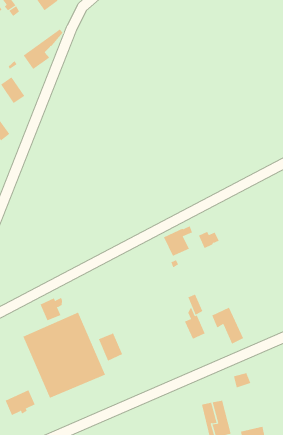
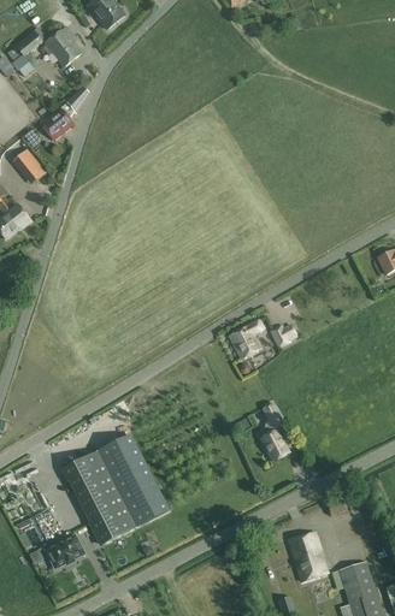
building: [40,297,62,321] -> none
building: [212,307,244,345] -> none
building: [98,332,123,361] -> none

